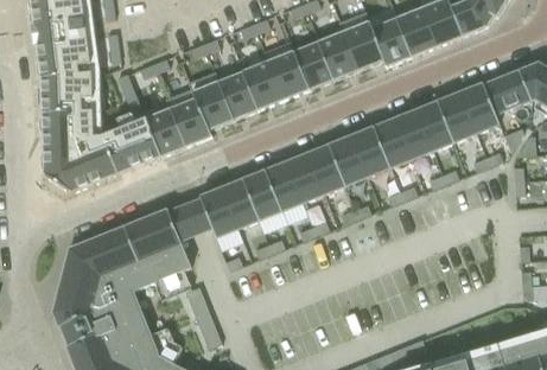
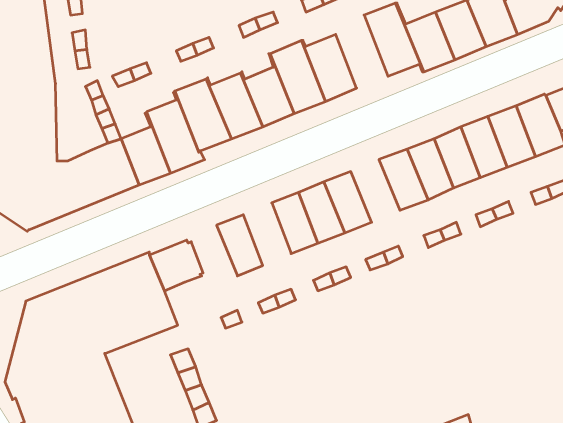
building: [317,19,358,77] -> none
building: [329,134,368,184] -> none
building: [243,168,281,218] -> none
building: [198,186,238,235] -> none

